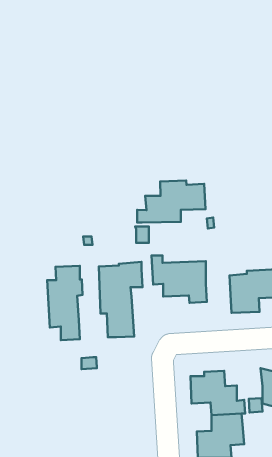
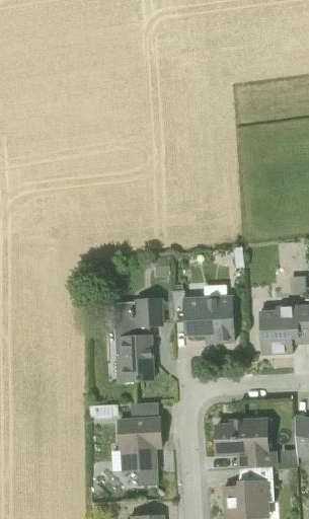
building: [137,181,205,223] -> none
building: [47,266,83,340] -> [122,402,161,486]

